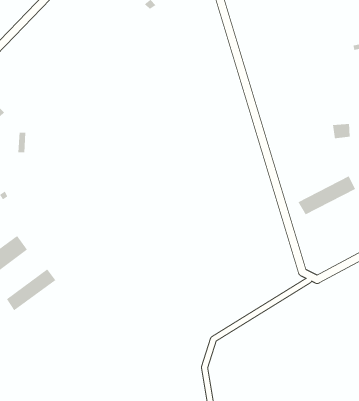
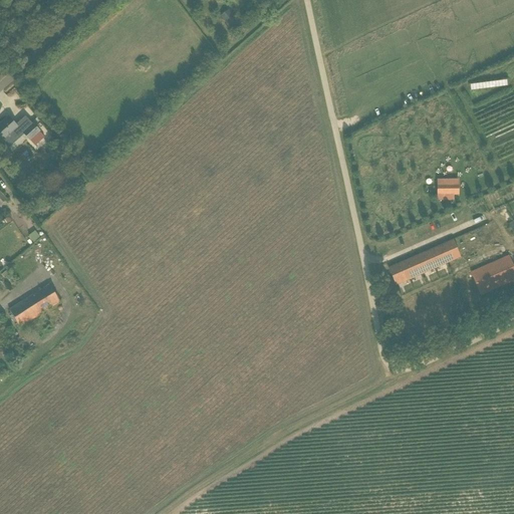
building: [6,269,56,311] -> none

